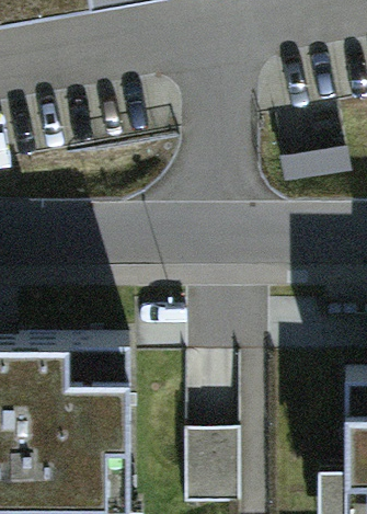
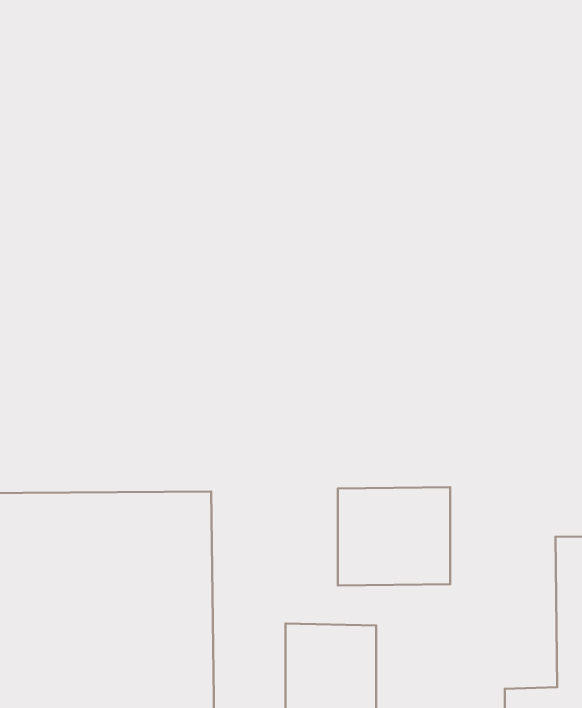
building: none -> [338,487,450,585]

